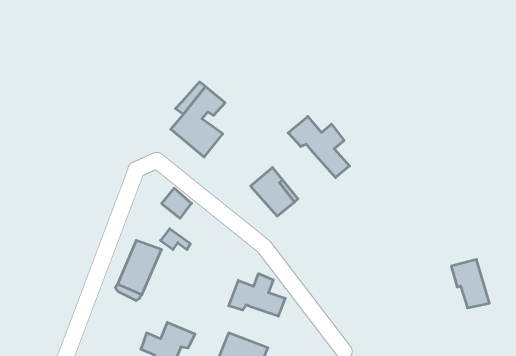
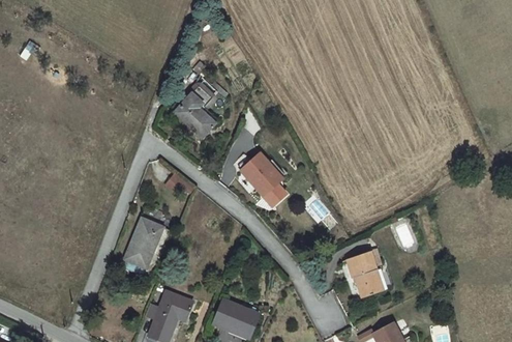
building: [288,116,350,178] -> none
building: [451,259,489,308] -> [349,251,383,294]
building: [229,274,285,316] -> none

